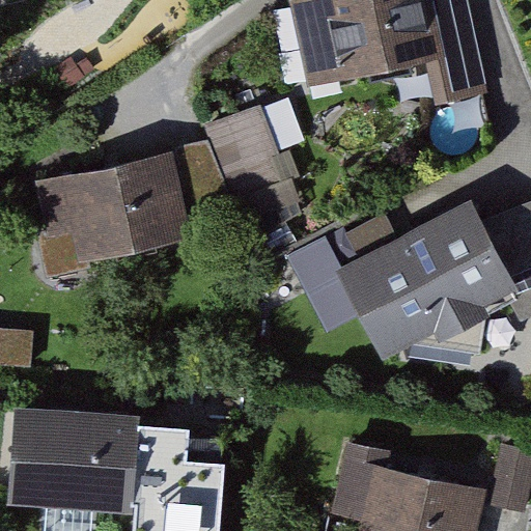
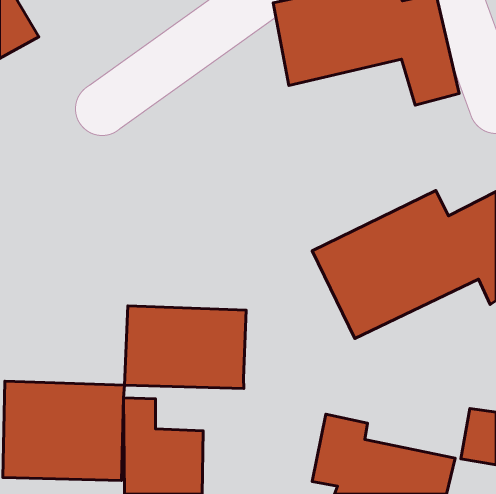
building: [31,108,296,278] -> none
building: none -> [124,306,246,389]

